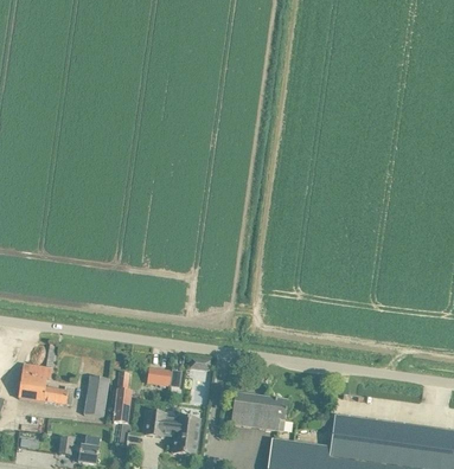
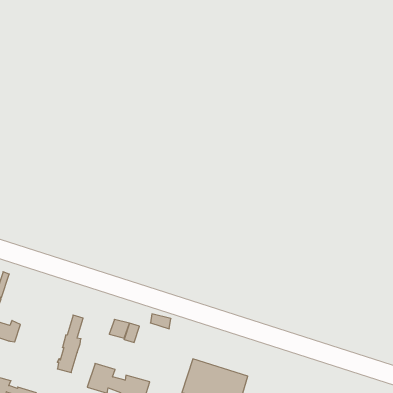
building: [84,377,109,417] -> none

